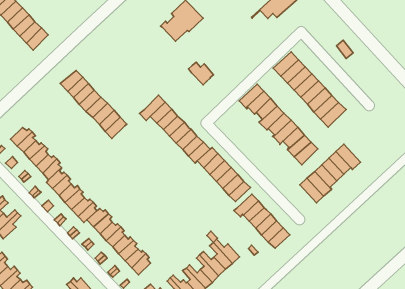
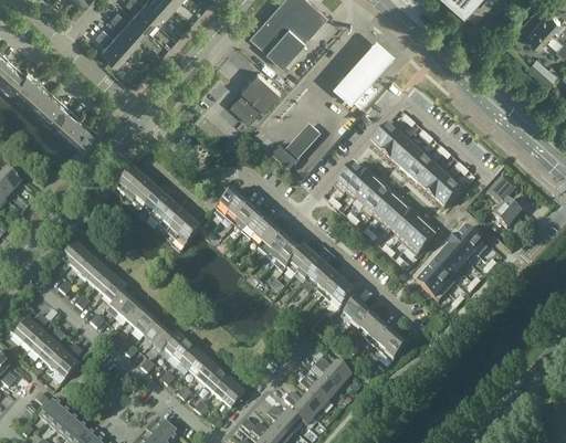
building: none -> [337,75,377,106]
building: none -> [289,125,321,158]
building: none -> [488,175,522,228]

